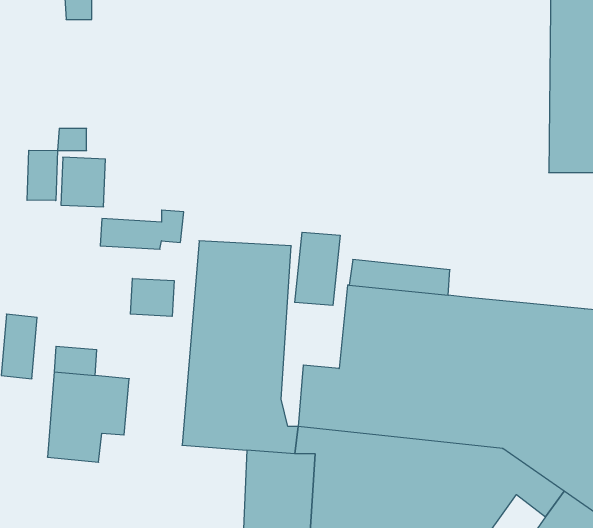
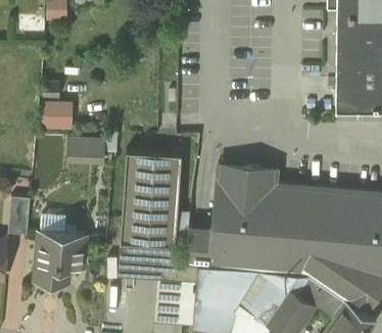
building: [27,150,58,201] -> none
building: [295,232,340,305] -> none
building: [130,278,174,316] -> none

